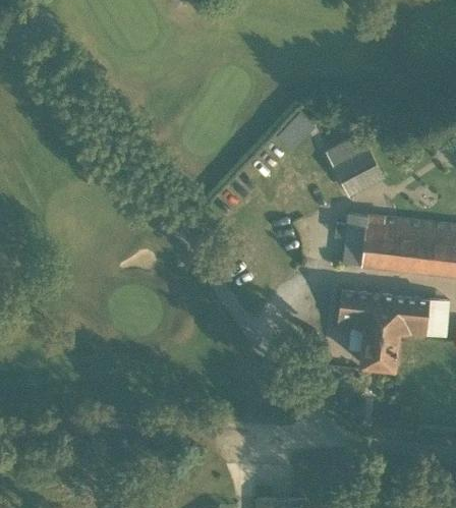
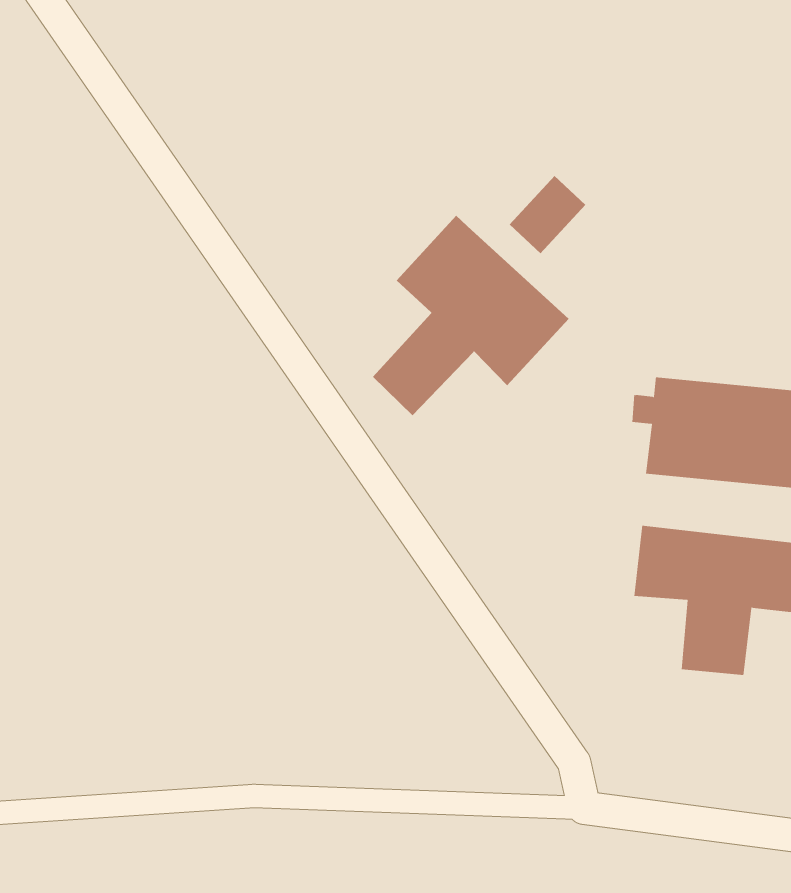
building: none -> [372,215,569,416]
building: [328,136,385,195] -> none

